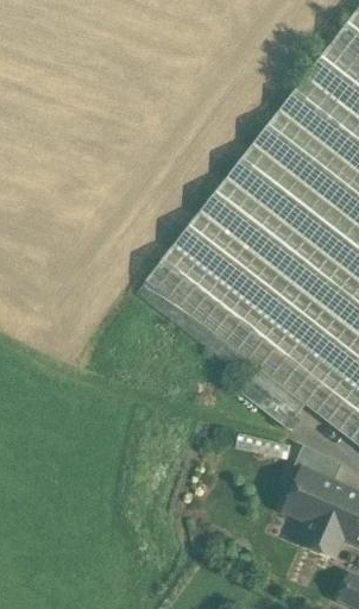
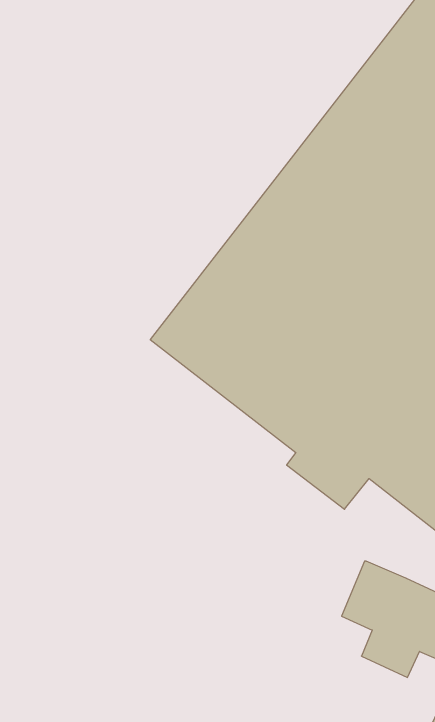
building: [296,444,344,479] -> none

